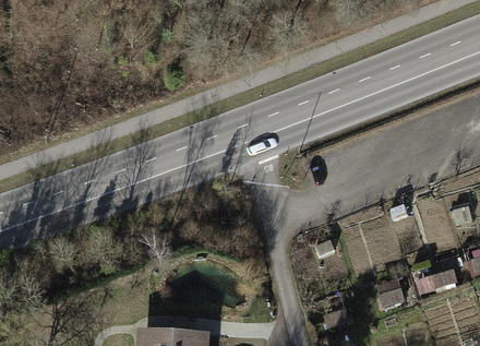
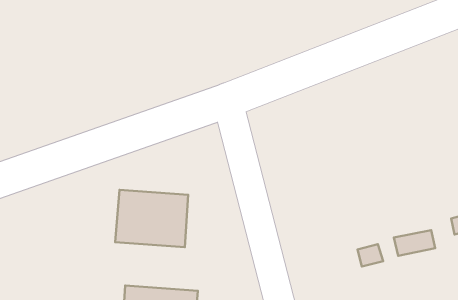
building: none -> [115,190,188,247]

